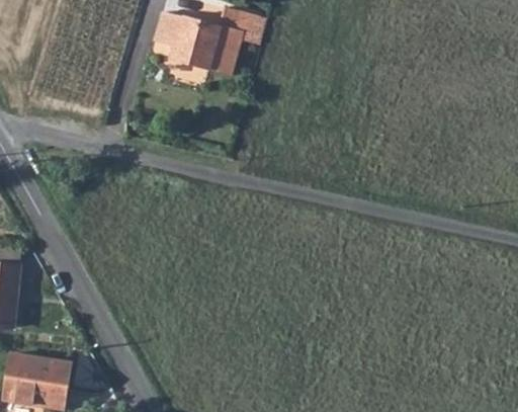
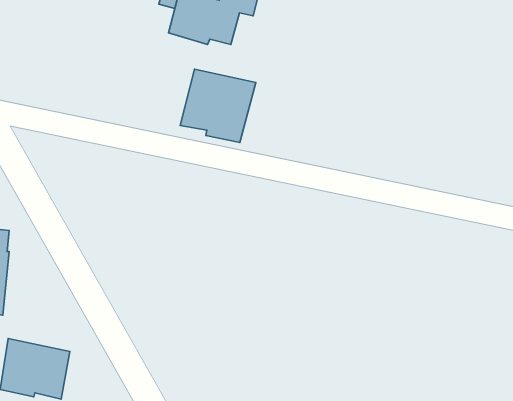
building: none -> [180,69,256,142]

